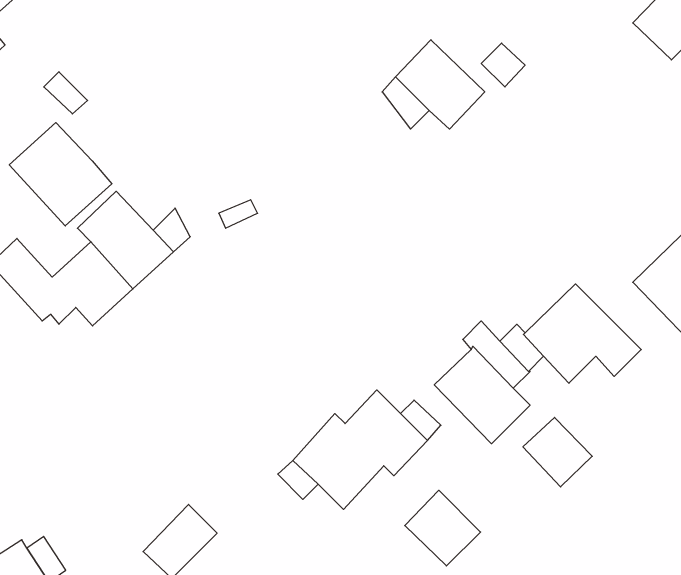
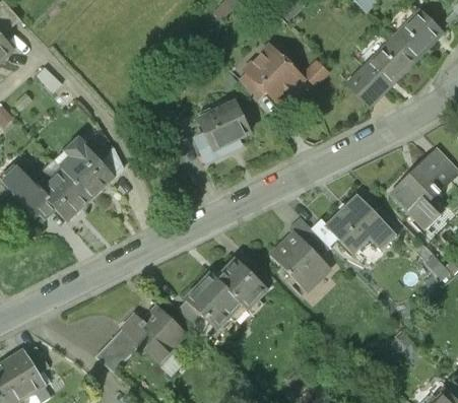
building: none -> [346,37,414,105]
building: [9,123,112,226] -> none
building: none -> [195,103,249,155]
building: [523,417,592,487] -> none
building: none -> [123,306,188,363]
building: [405,490,481,566] -> none

